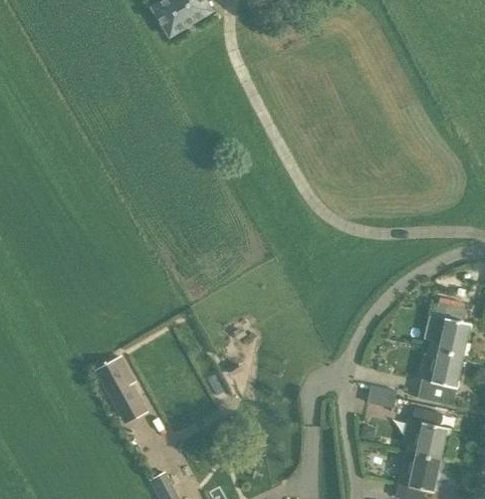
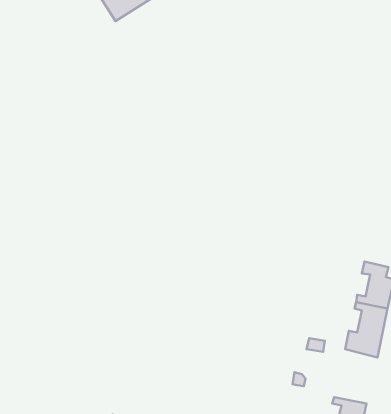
building: [94,355,142,417] -> none
building: [405,406,447,457] -> none

